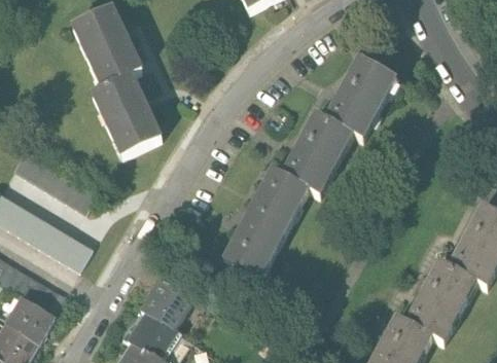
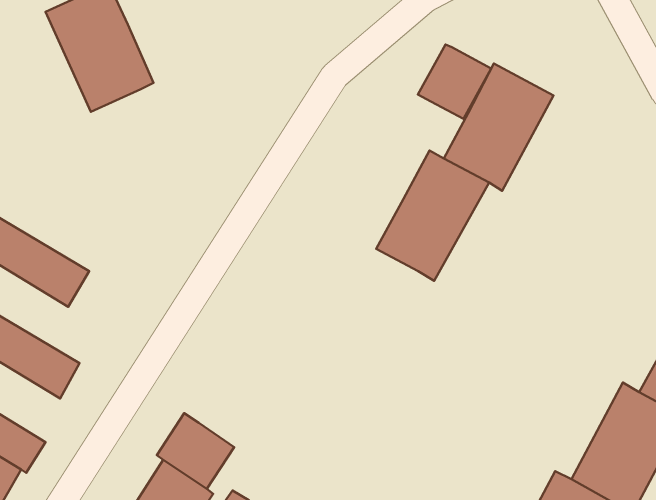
building: none -> [418,44,491,119]
building: [90,73,159,156] -> none
building: [222,170,308,279] -> none

